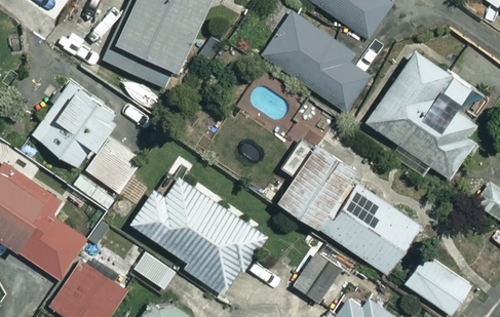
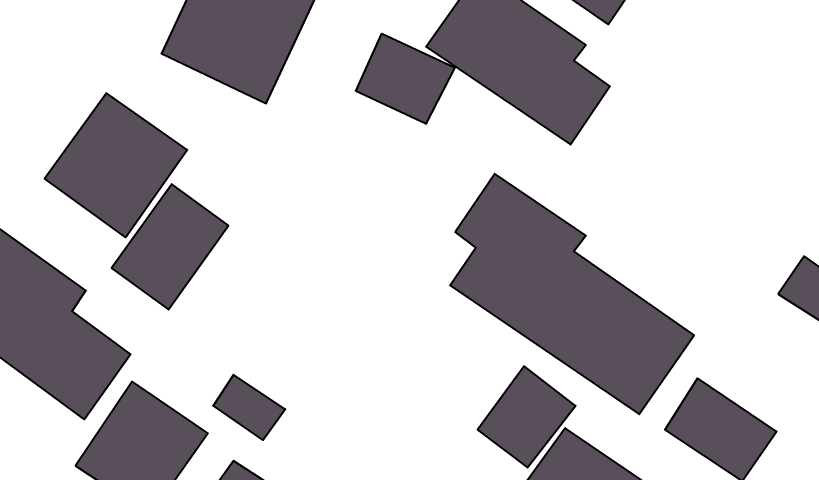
building: none -> [356,34,455,124]
building: [366,49,483,180] -> none
building: [132,181,266,298] -> none

